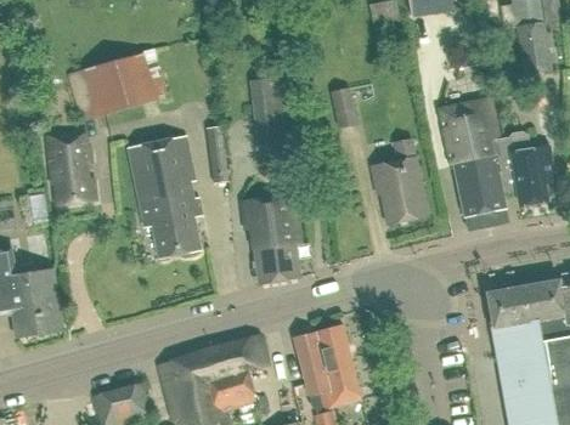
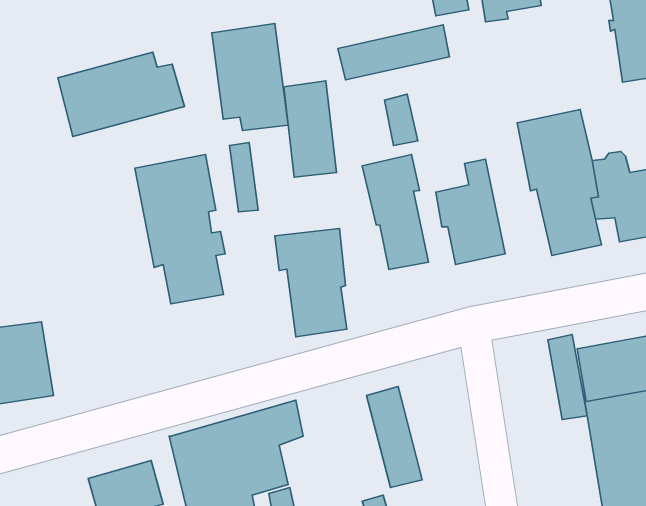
building: none -> [212,24,288,131]
building: none -> [338,25,449,80]
building: [45,127,97,204] -> none
building: none -> [362,154,428,269]
building: none -> [548,335,587,420]
building: [293,329,335,407] -> none

